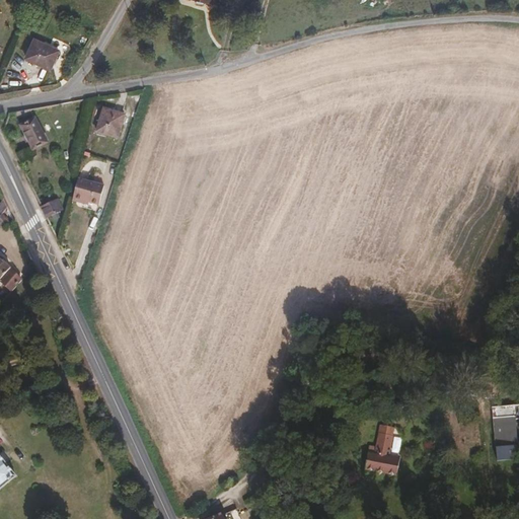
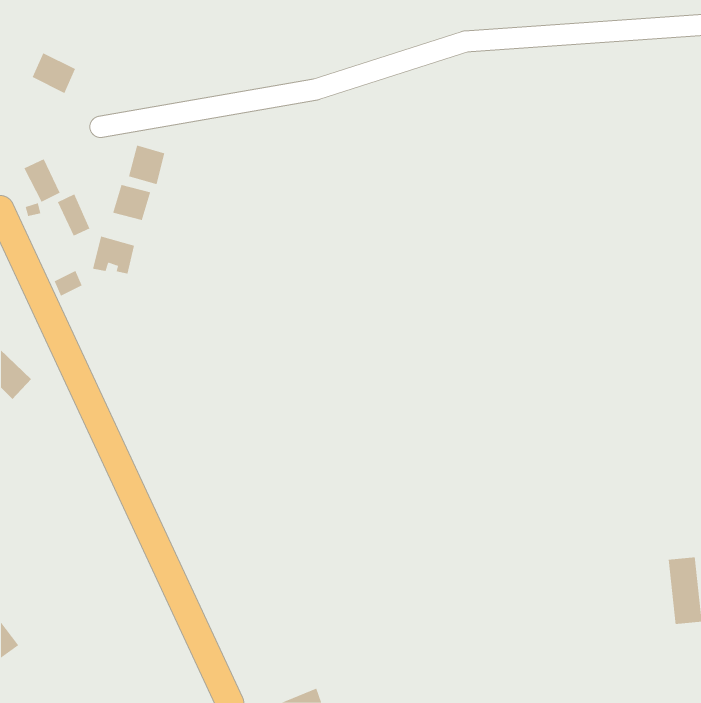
building: none -> [113,184,151,221]
building: none -> [57,193,90,236]
building: [366,430,390,469] -> none

